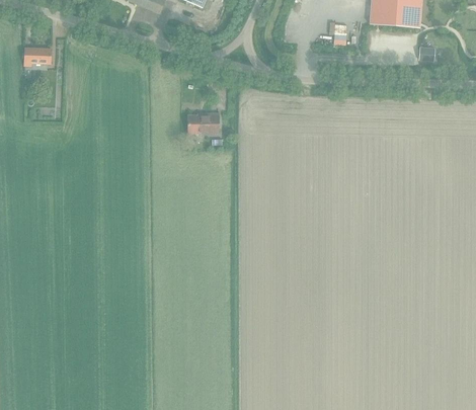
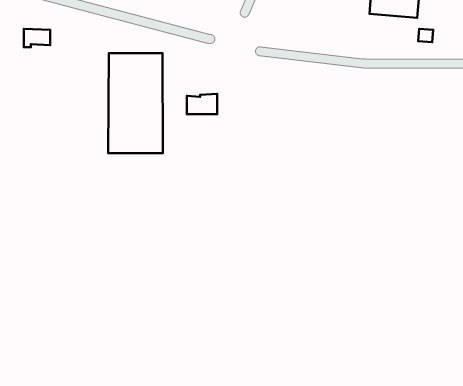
building: none -> [108,53,163,153]

